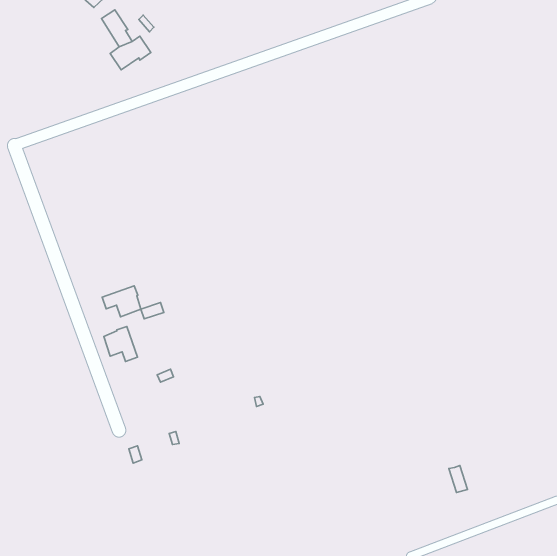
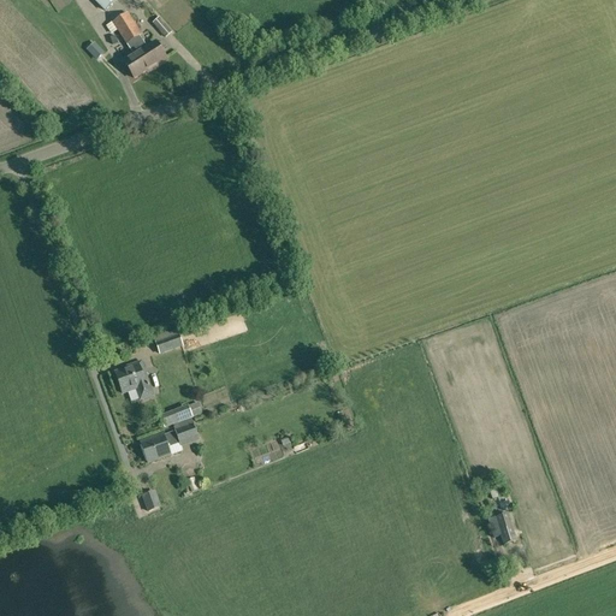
building: [102,286,141,317] -> none
building: none -> [140,421,197,461]

